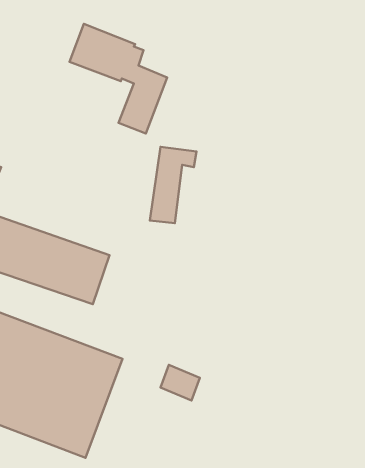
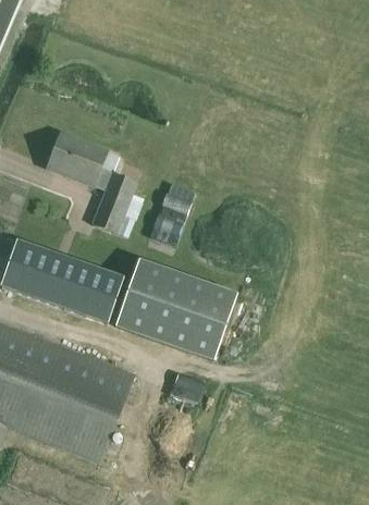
building: [70,24,167,133] -> [47,133,136,233]
building: none -> [115,260,236,359]

